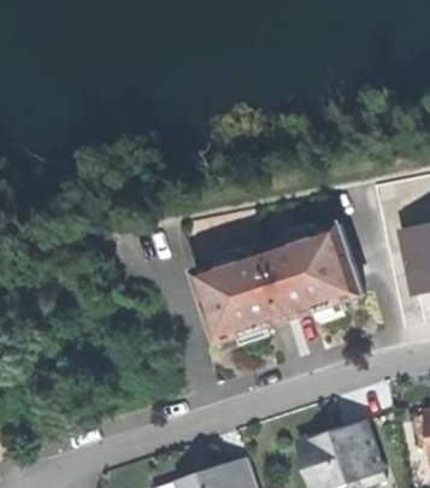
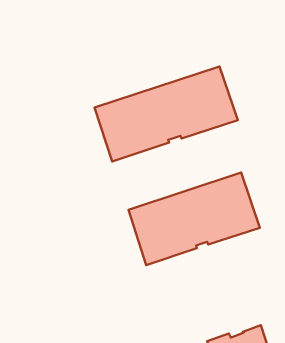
building: none -> [95,67,238,162]

